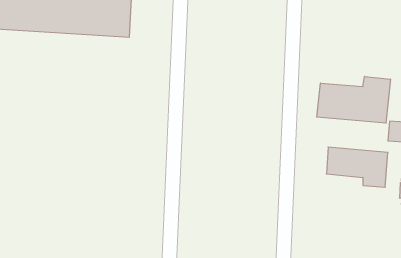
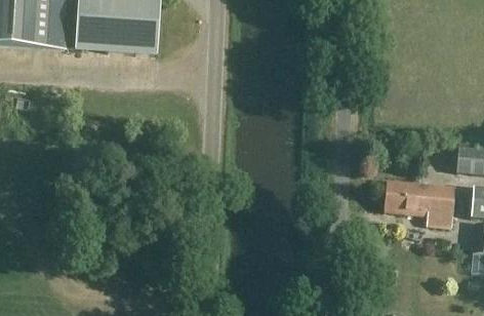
building: [317,76,390,123] -> none

